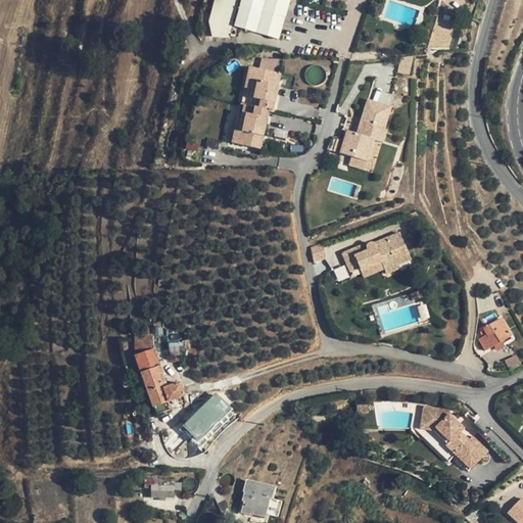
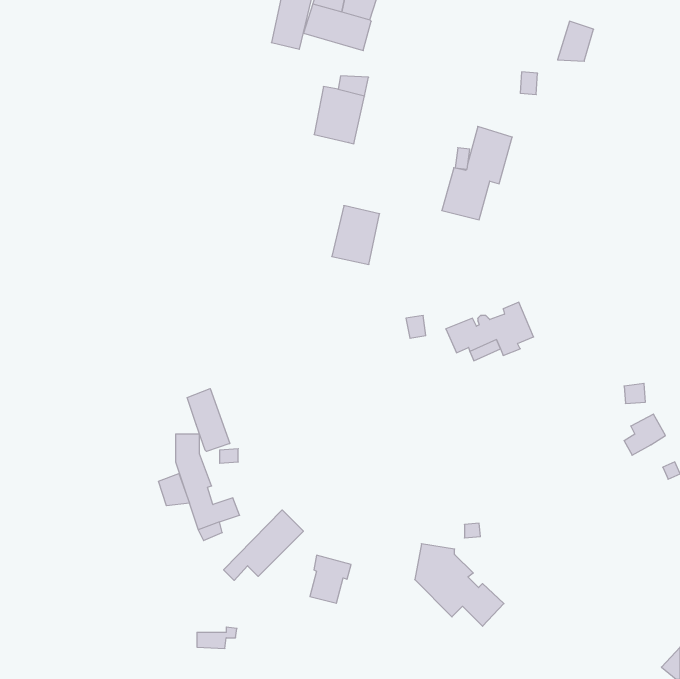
building: [231,103,268,148] -> [332,206,380,264]
building: none -> [187,389,230,451]
building: none -> [158,474,189,506]
building: [420,406,488,469] -> [415,544,504,626]
building: [241,479,273,516] -> [310,555,351,603]

